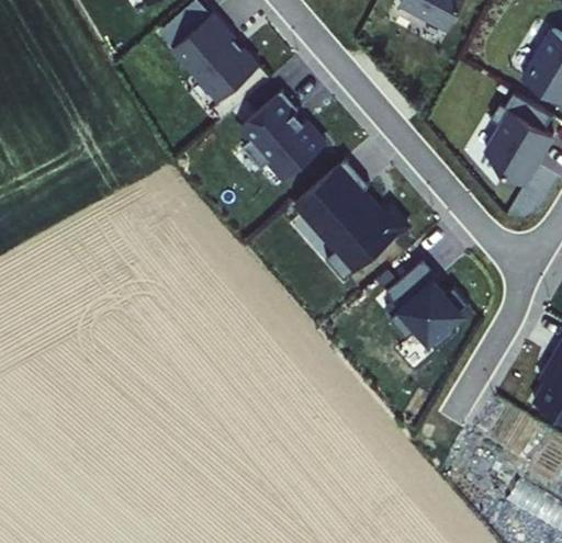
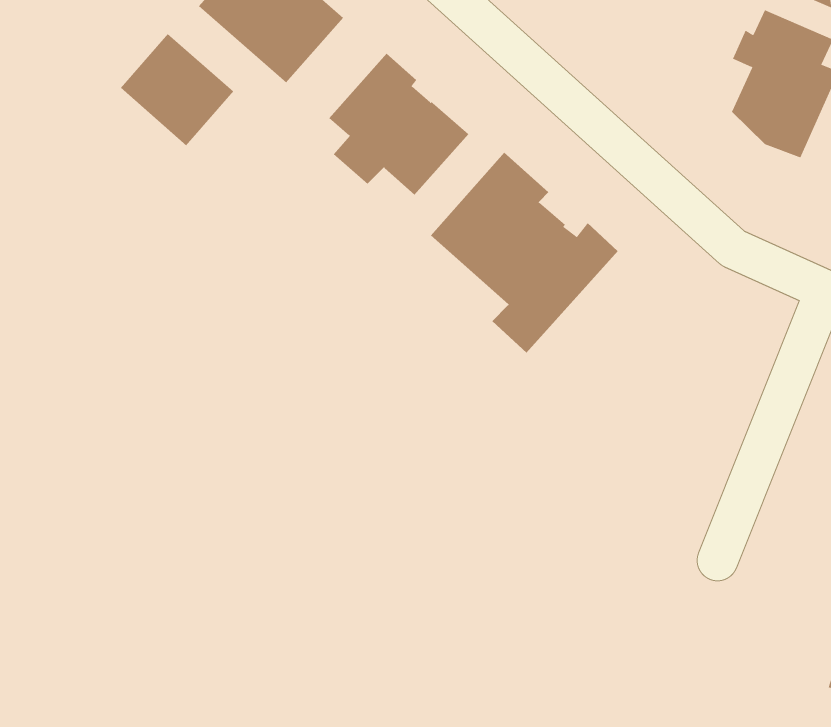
building: none -> [120,33,234,146]
building: [384,261,470,352] -> none

